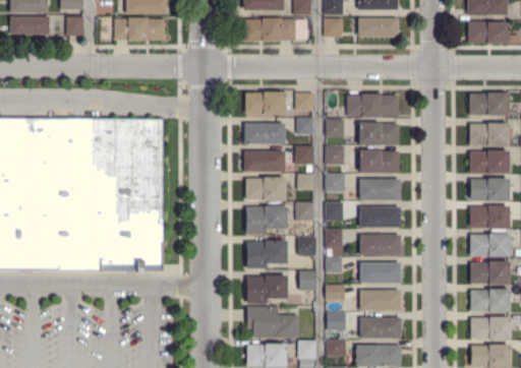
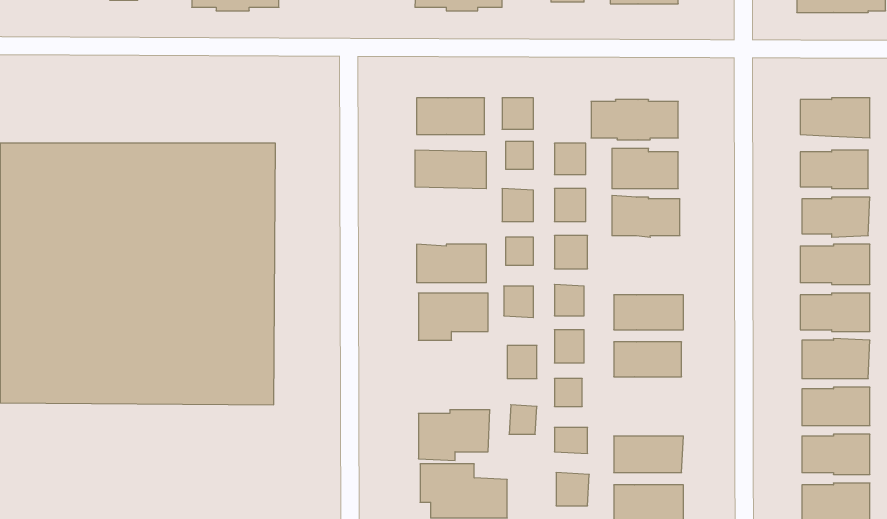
building: [244,150,285,172] -> none
building: [359,179,400,200] -> none
building: [246,240,287,268] -> none
building: [359,262,400,283] -> none

